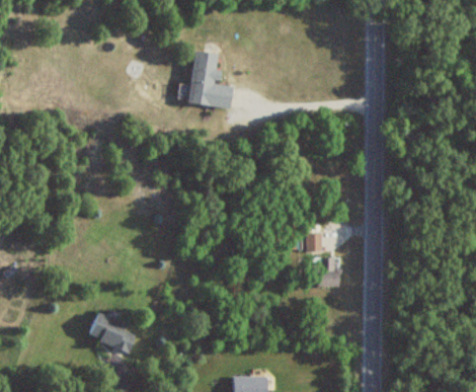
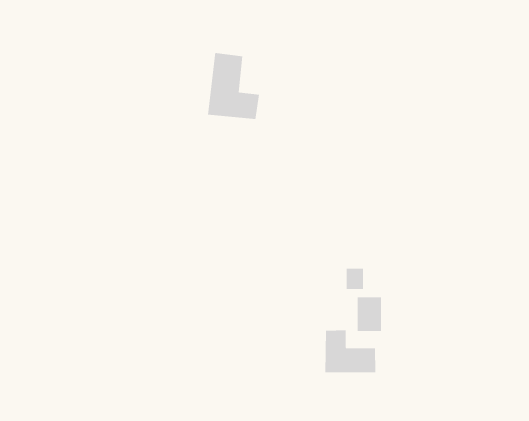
building: none -> [325,329,376,373]
building: [88,313,136,354] -> none

